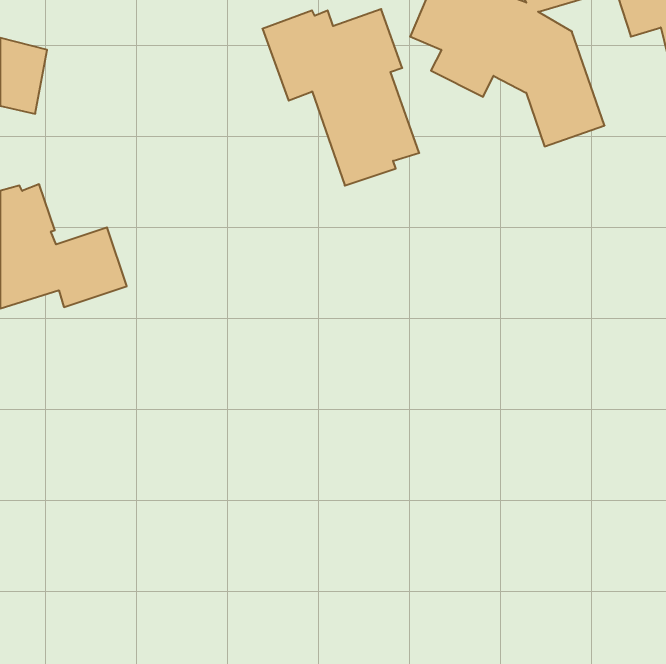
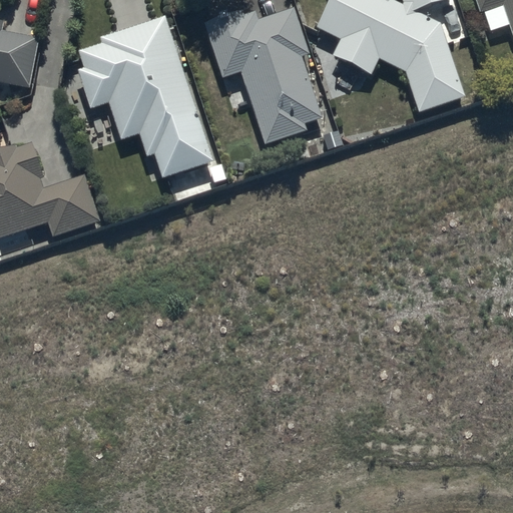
building: none -> [78,16,211,175]

